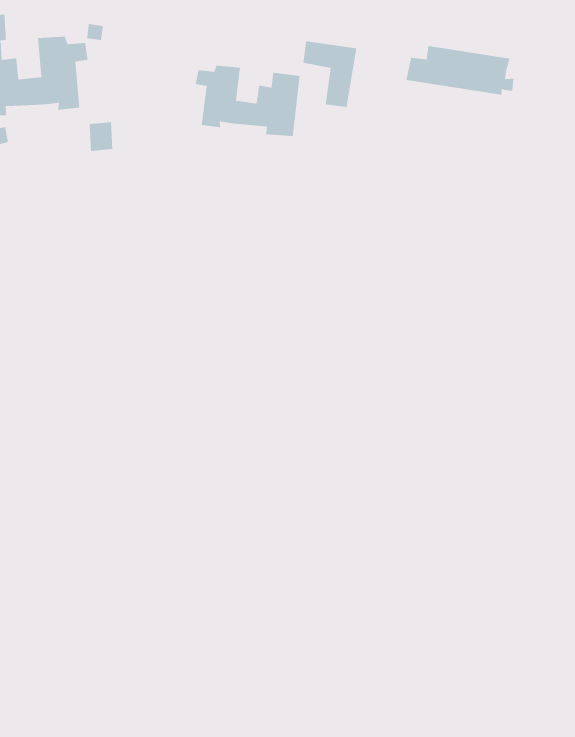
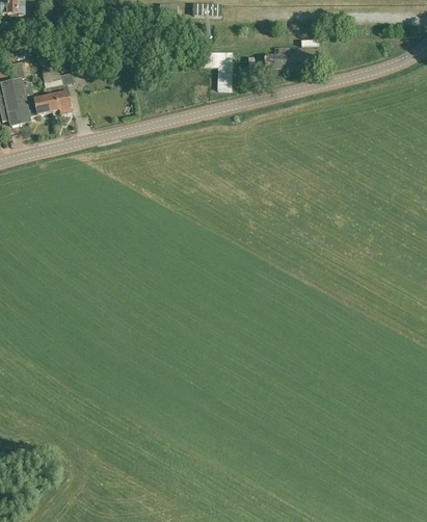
building: [195,65,301,137] -> none

